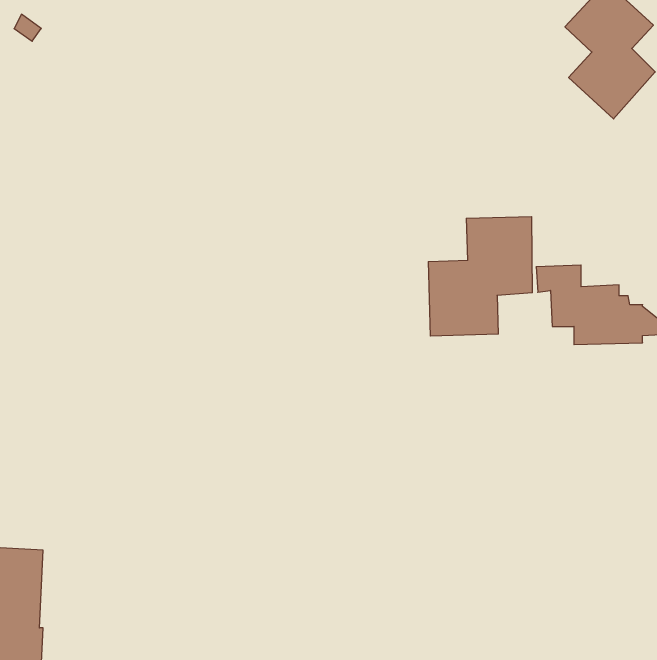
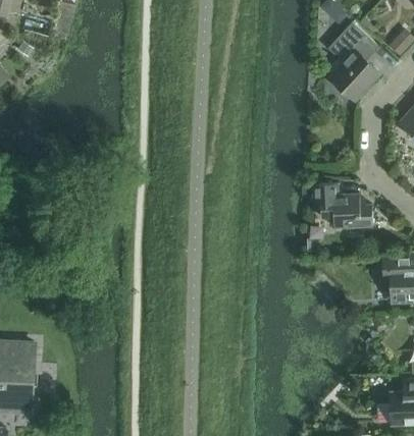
building: [428,217,532,336] -> none

